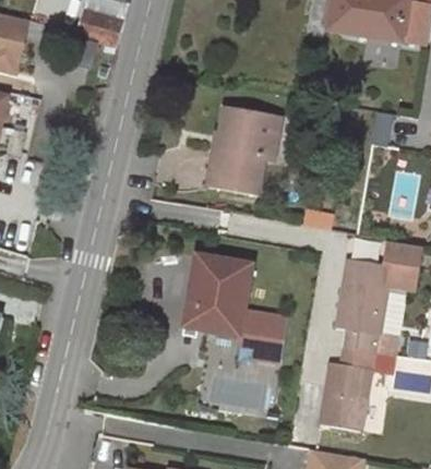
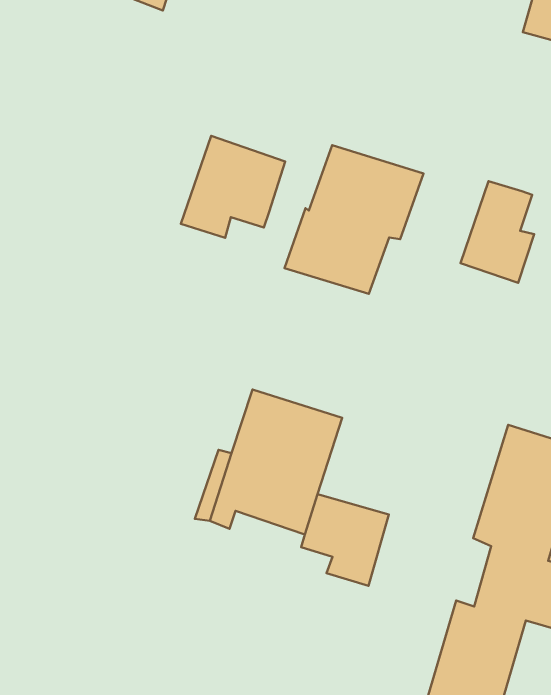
building: none -> [181,136,285,238]
building: none -> [460,181,534,283]

